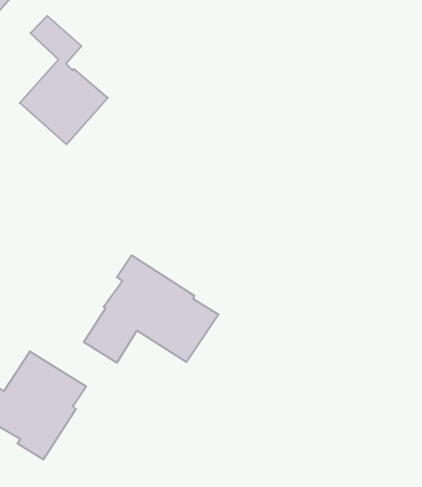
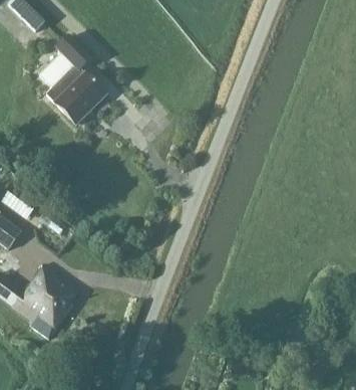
building: [84,255,219,363] -> none

